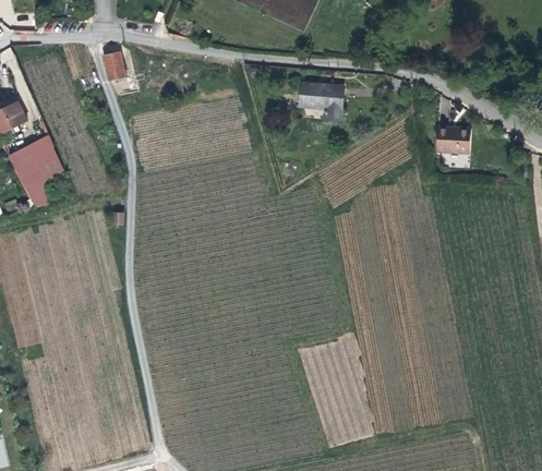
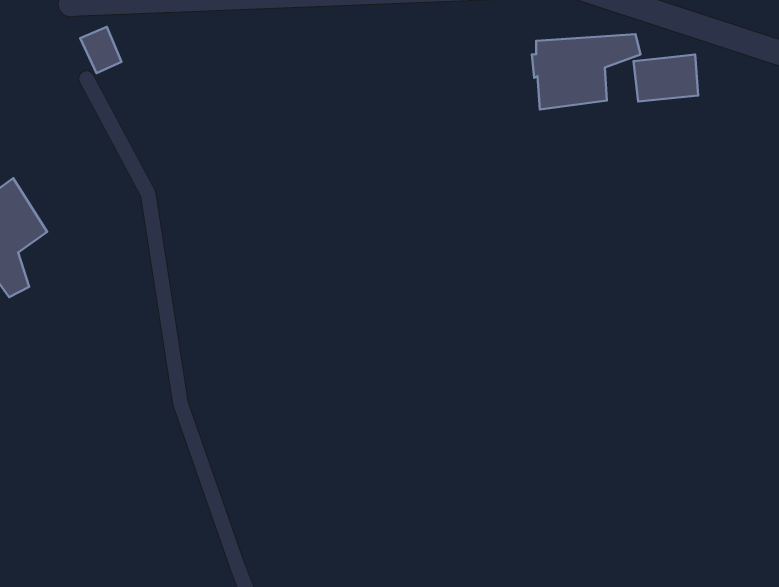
building: [303,85,342,120] -> none
building: none -> [532,34,640,109]

